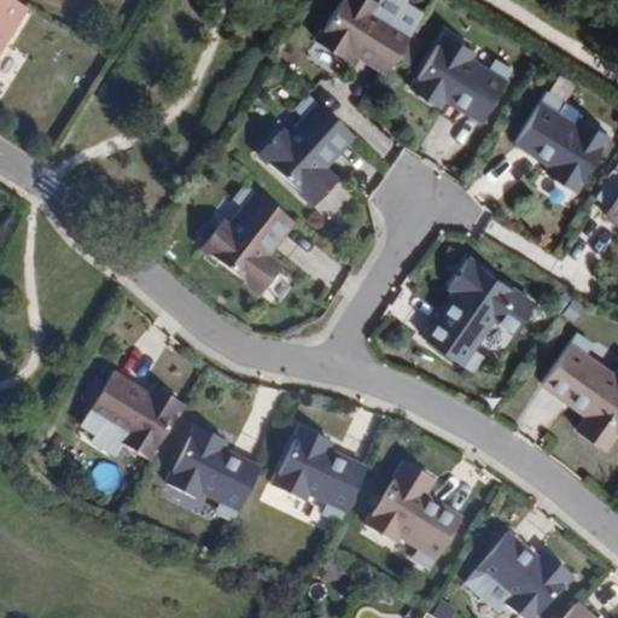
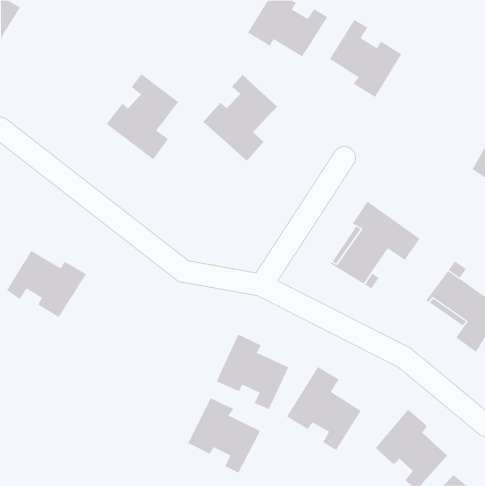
building: [515,91,610,191] -> none
building: [202,183,295,293] -> [106,73,179,160]
building: [82,373,185,459] -> [6,250,87,318]
building: [169,425,262,521] -> [187,398,261,474]

